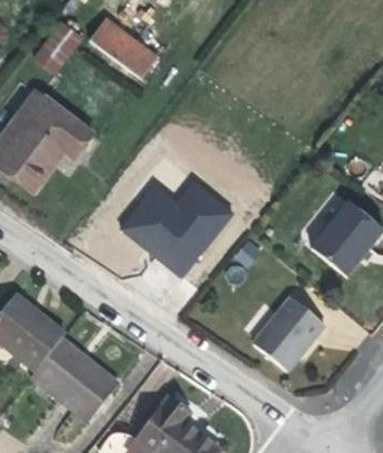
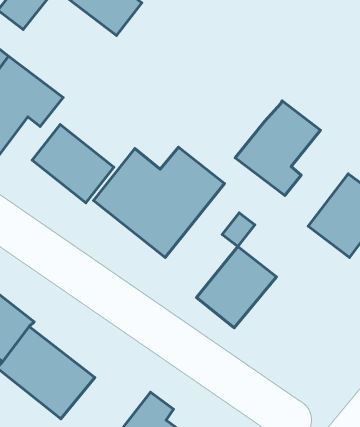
building: none -> [235,101,321,196]
building: none -> [32,124,114,203]
building: [253,298,324,370] -> [197,247,277,328]

